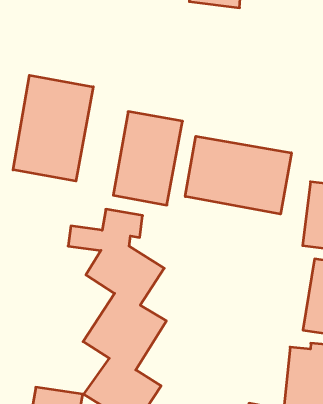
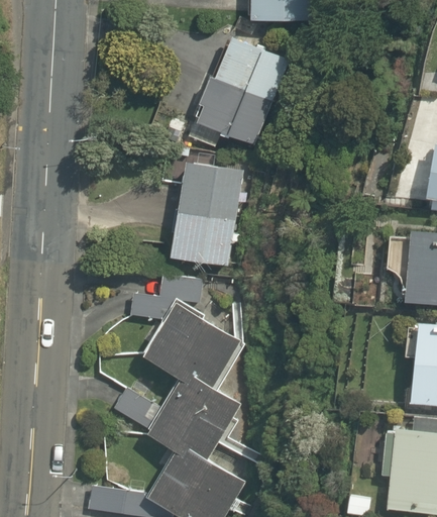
building: none -> [194,38,294,145]
building: [13,75,93,181] -> none
building: [185,136,291,214] -> none

